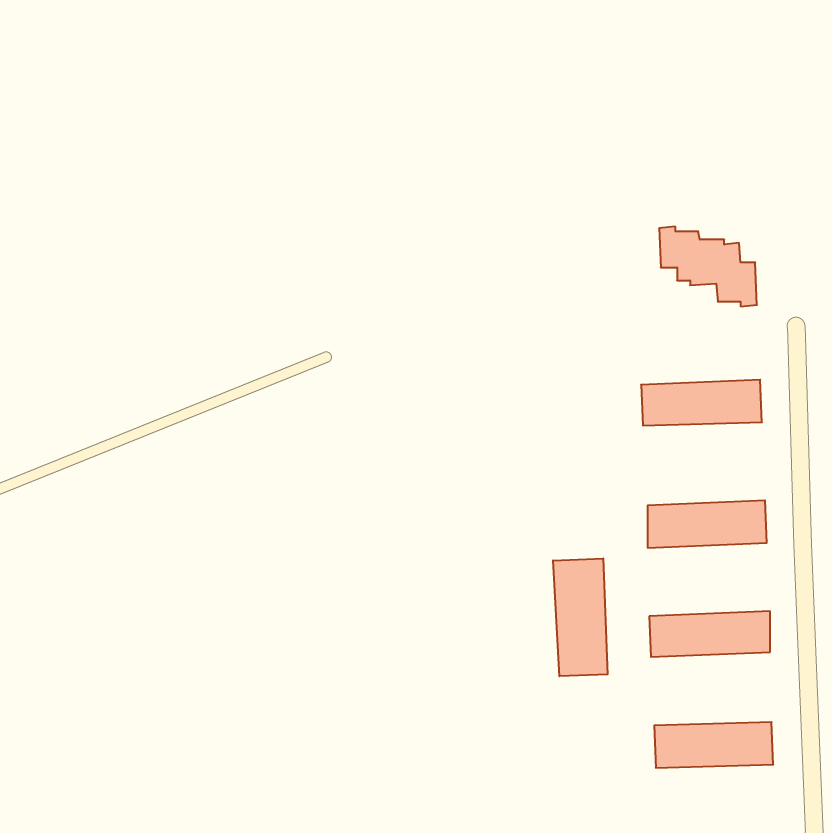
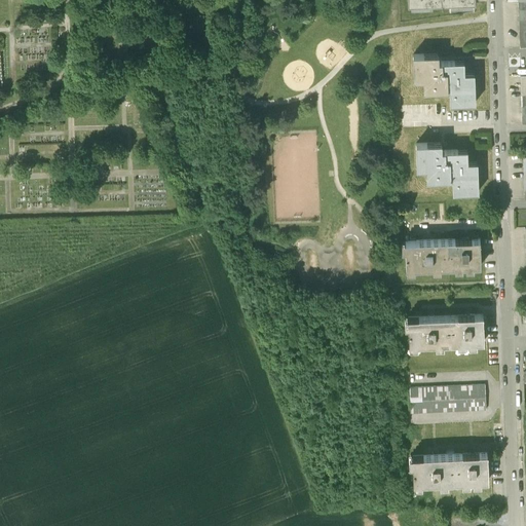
building: none -> [413,55,475,105]
building: [553,558,608,676] -> none

